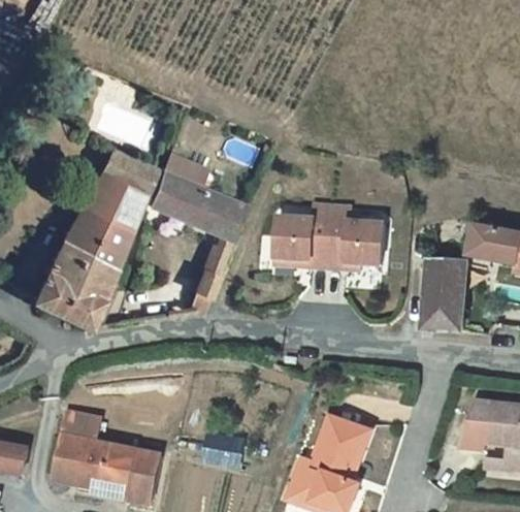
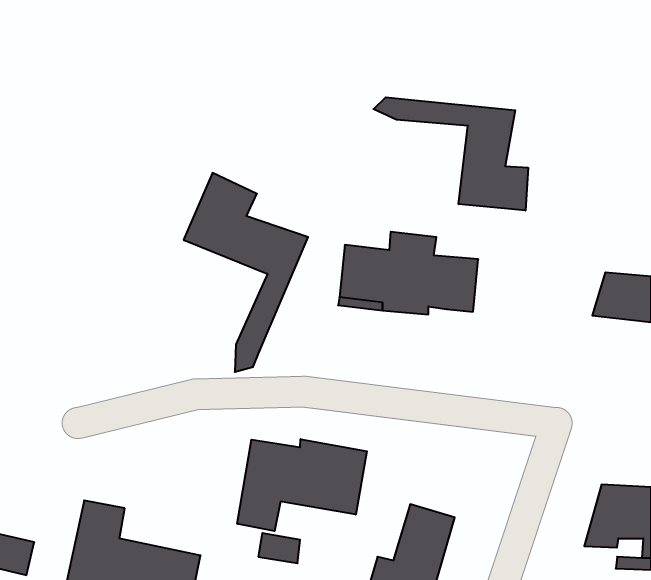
building: none -> [373,97,528,211]
building: [31,149,159,324] -> none
building: [423,265,468,335] -> none
building: none -> [237,439,367,531]

